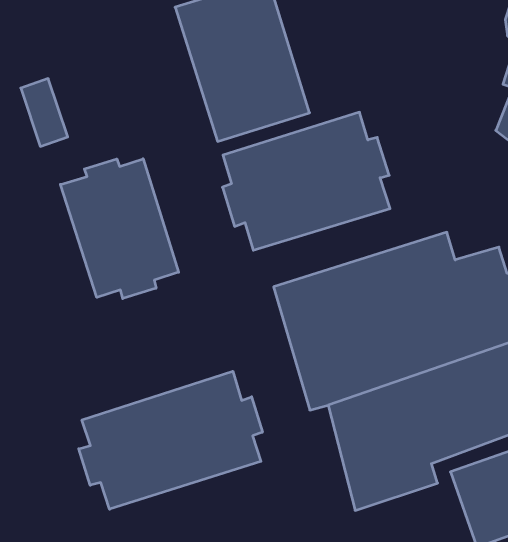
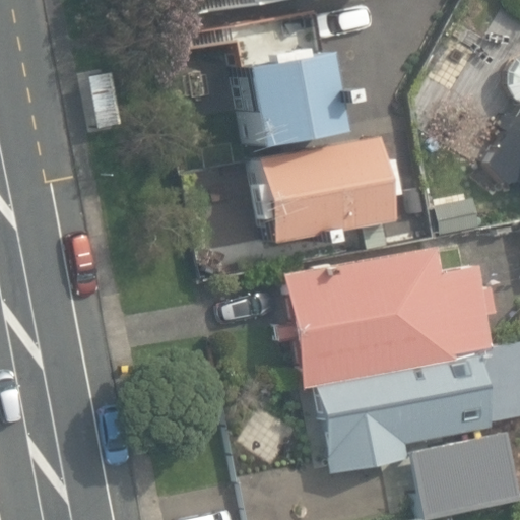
building: [60,159,179,299] -> none
building: [79,371,262,509] -> none

